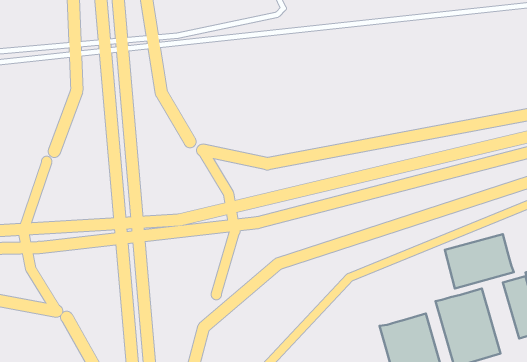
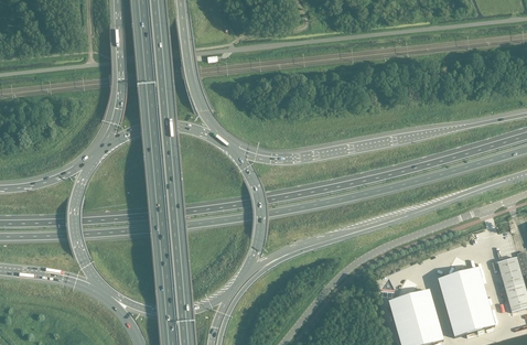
building: [445,234,514,288] -> none

